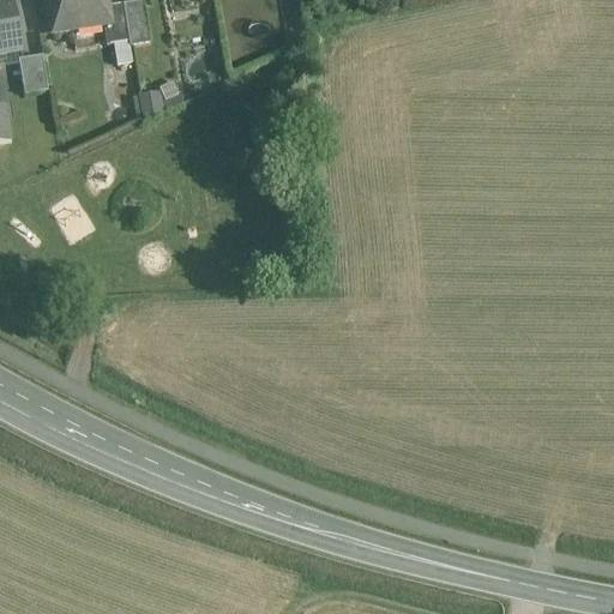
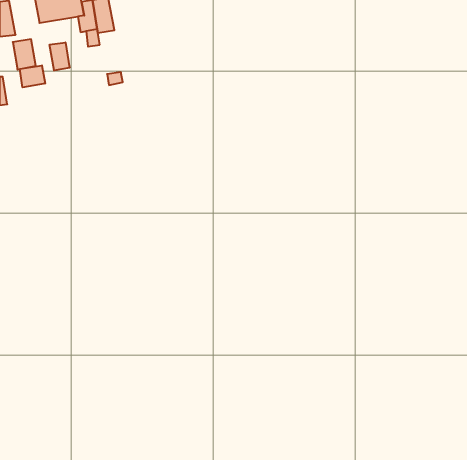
building: none -> [50,42,70,71]
building: none -> [20,65,45,87]

